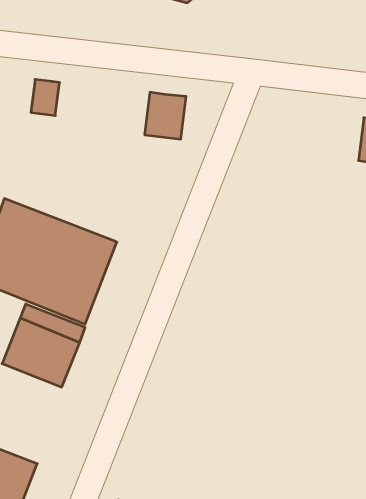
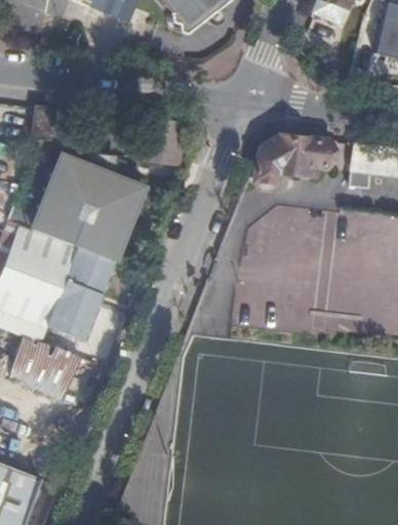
building: none -> [249,134,331,189]
building: none -> [8,155,145,261]

